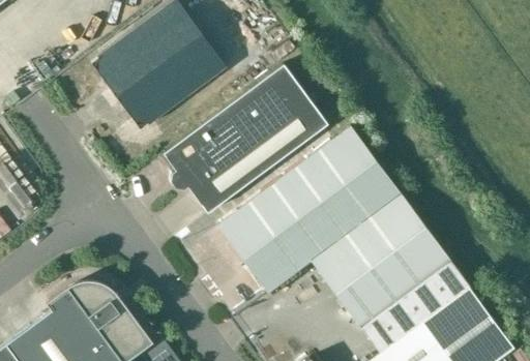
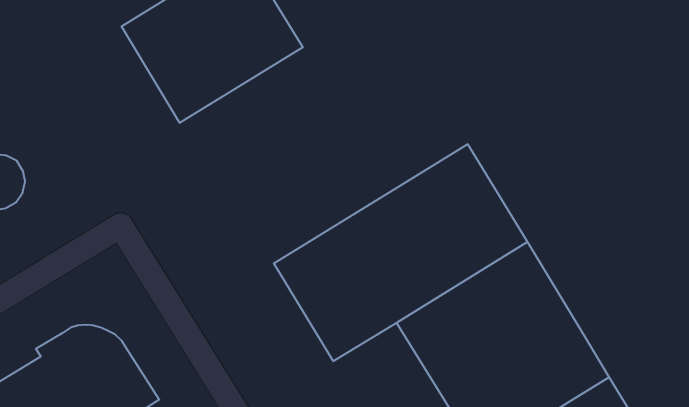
building: [163,64,328,213] -> none

